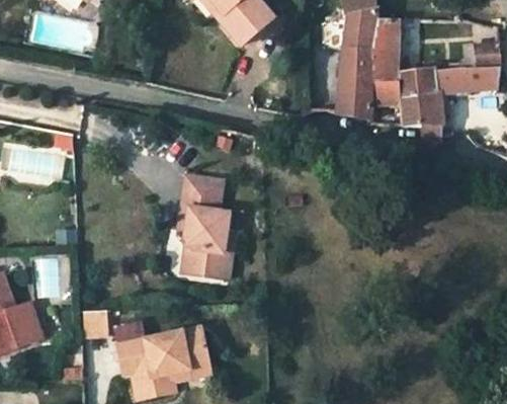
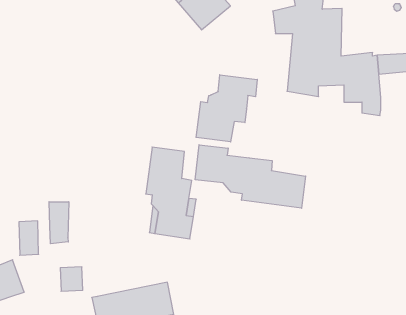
building: none -> [196,75,257,142]
building: none -> [195,145,306,208]
building: none -> [49,202,69,244]

